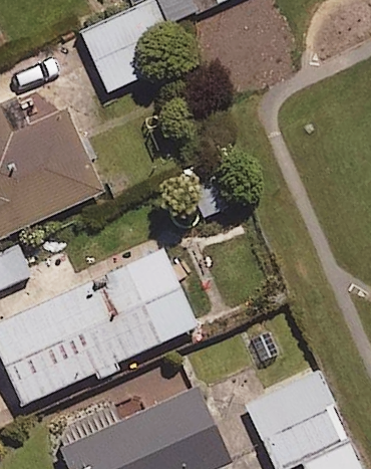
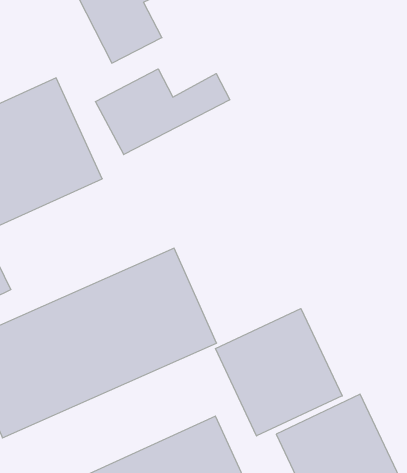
building: none -> [95,69,230,155]
building: none -> [215,309,342,436]

